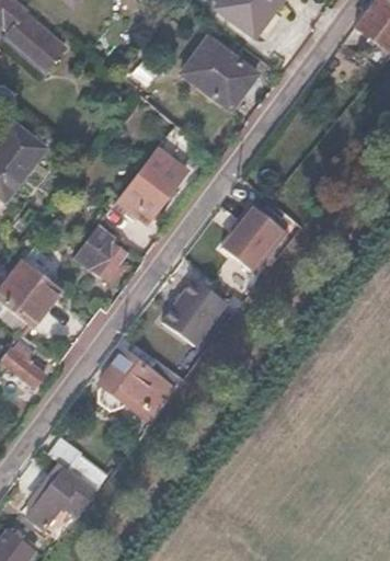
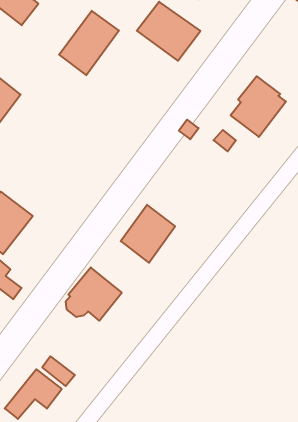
building: [117,149,187,225] -> [59,11,119,75]
building: [221,203,286,274] -> [231,76,286,137]
building: [76,226,128,286] -> none

